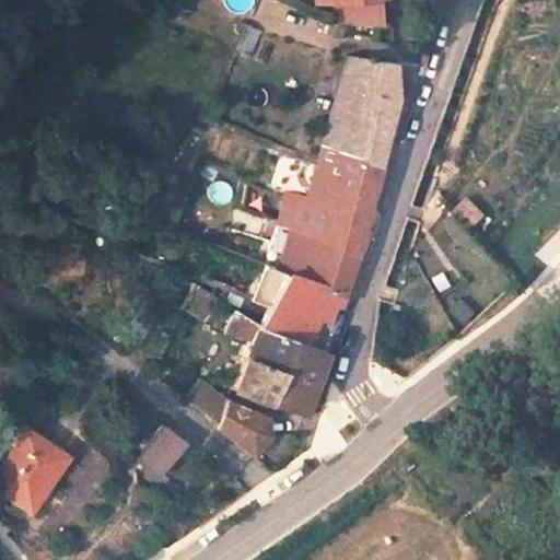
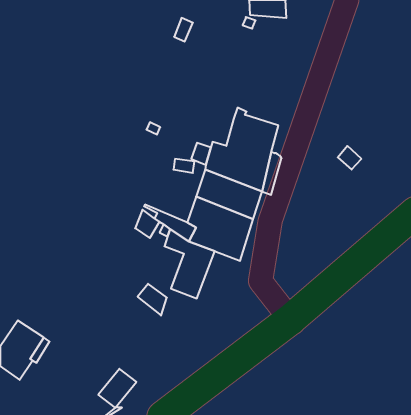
building: [326,57,399,171] -> none
building: [271,339,329,415] -> none
building: [222,401,275,457] -> none
building: [139,427,190,479] -> [98,369,136,408]

